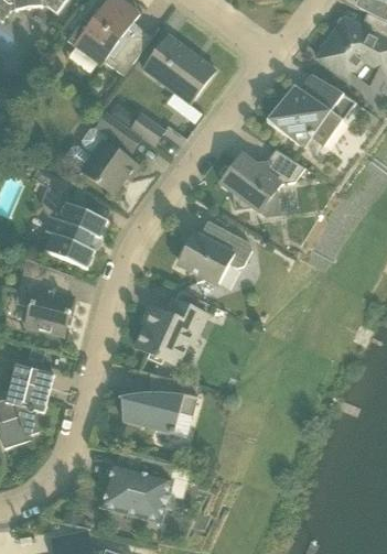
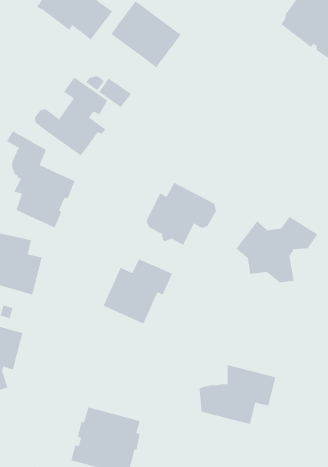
building: [266,73,354,148] -> none
building: [219,148,304,216] -> [235,216,318,283]
building: [118,371,200,433] -> [197,364,276,425]

